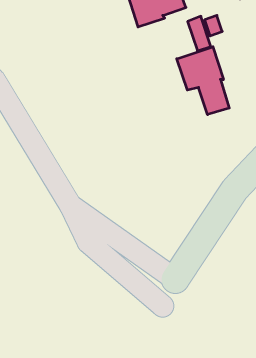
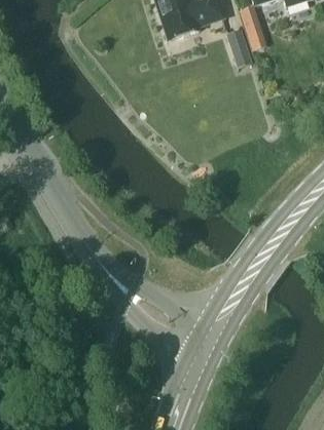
building: [177,47,229,115] -> none

